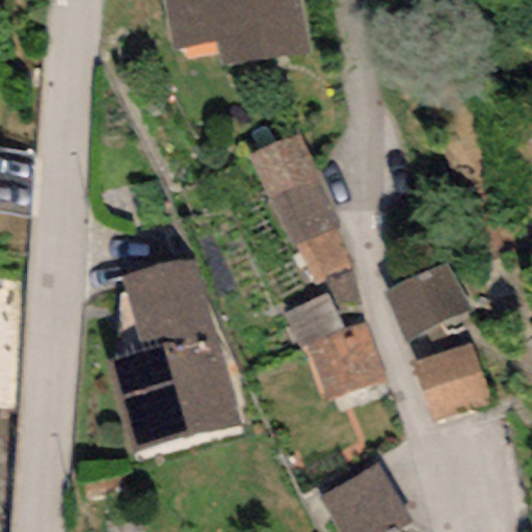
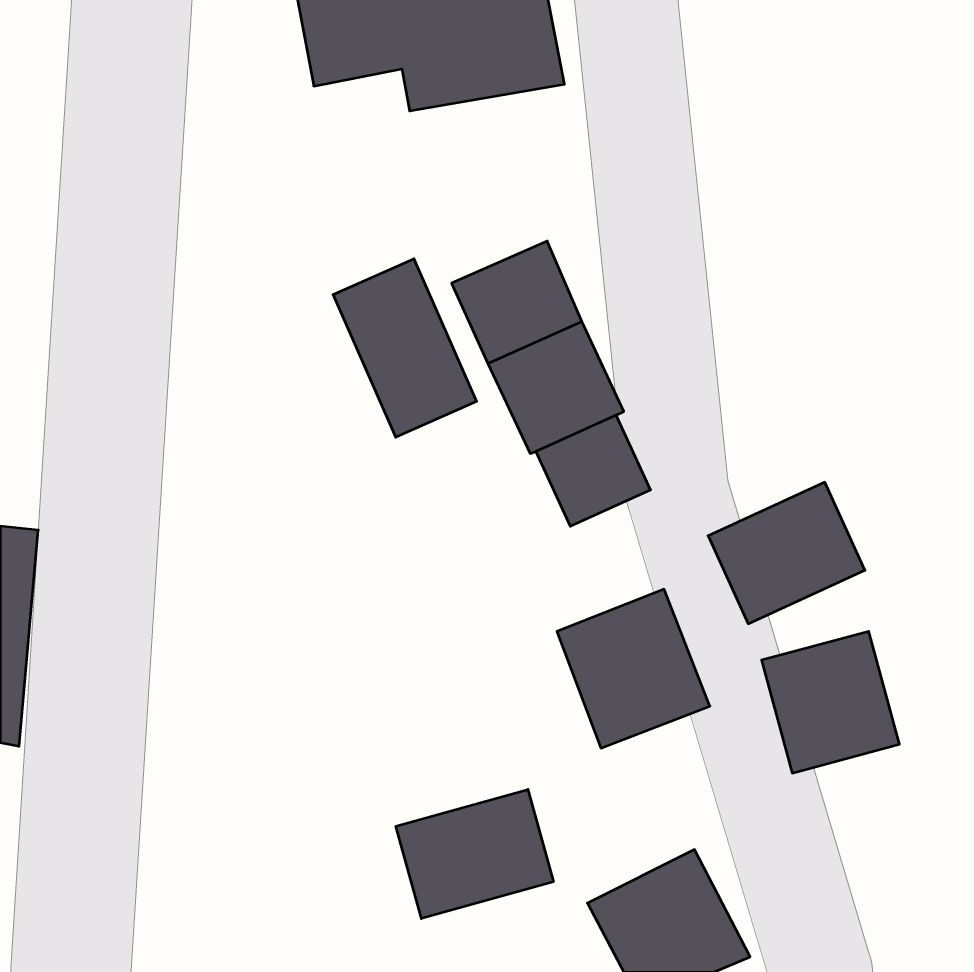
building: none -> [333,259,477,437]
building: [106,257,242,455] -> none
building: none -> [396,789,553,919]

